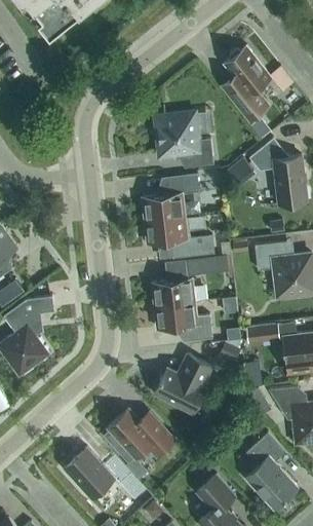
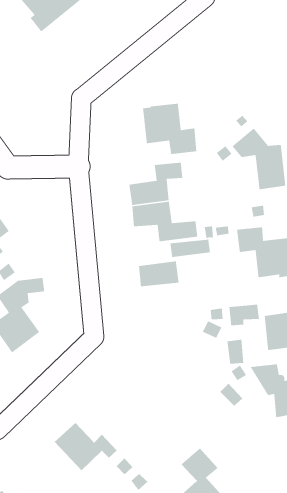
building: [222,46,272,117] -> none
building: [154,302,211,341] -> none
building: [154,354,212,414] -> none
building: [108,409,174,460] -> none
building: [244,433,298,510] -> none

